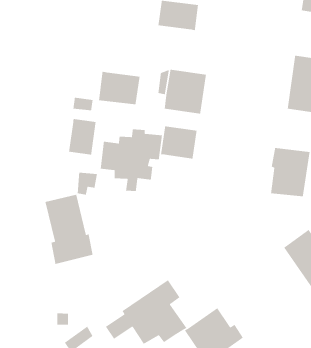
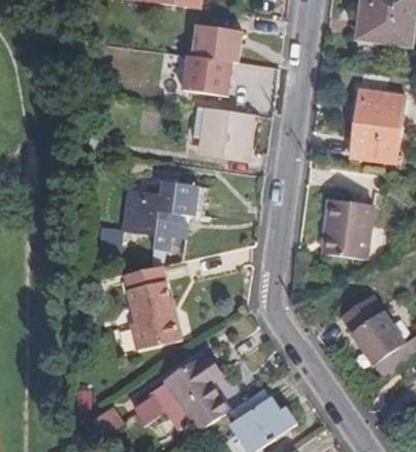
building: [98,71,140,105] -> [182,55,231,95]
building: [68,118,96,155] -> none
building: [160,125,198,160] -> none
building: [44,194,94,265] -> [123,266,181,350]

